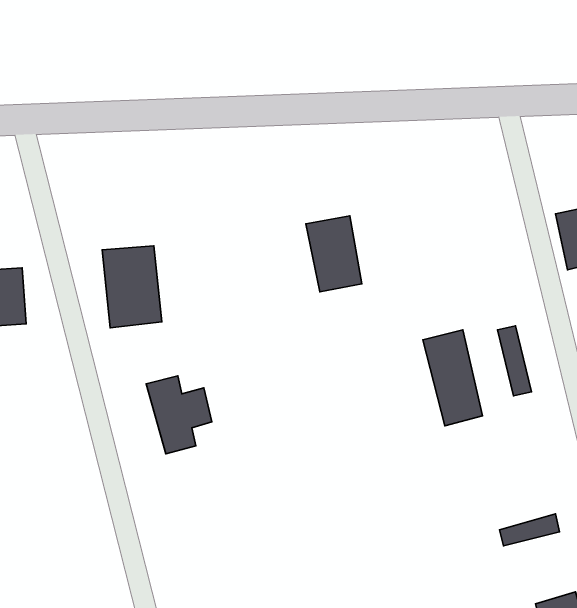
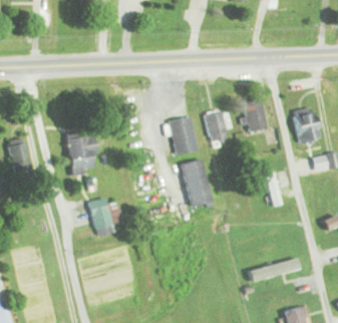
building: none -> [243,98,268,131]
building: none -> [205,110,227,141]
building: [423,330,483,426] -> [181,158,211,207]

